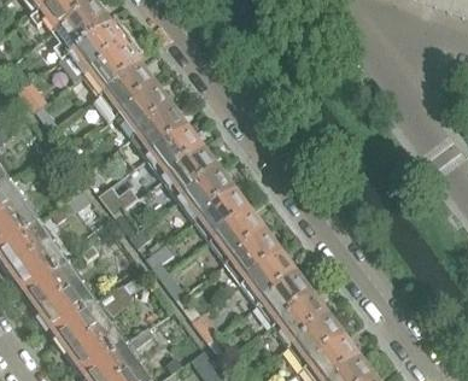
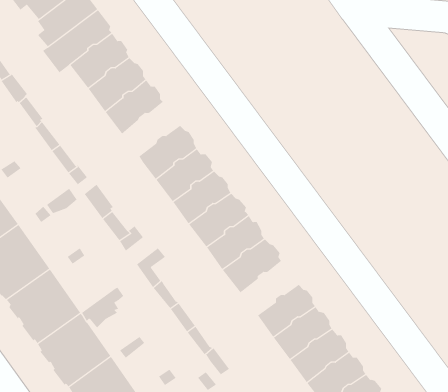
building: [134,107,188,158] -> none
building: [244,254,298,305] -> none

